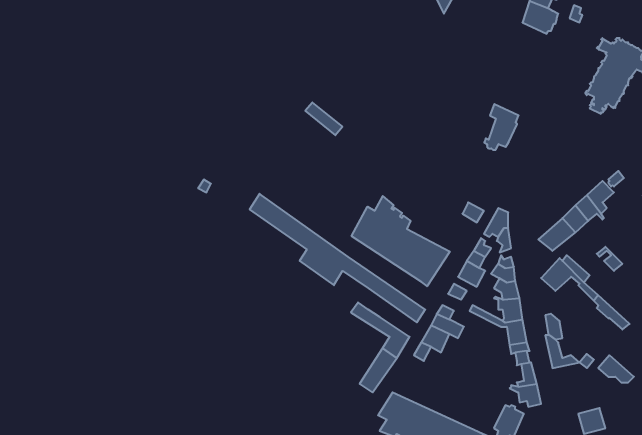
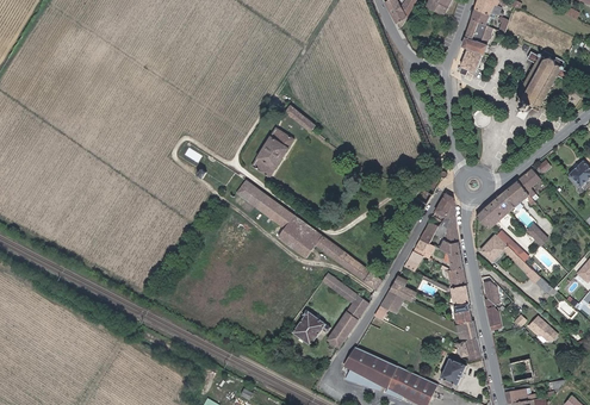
building: [484,104,519,150] -> [457,37,485,75]
building: none -> [250,127,293,177]
building: [352,196,450,286] -> none
building: none -> [294,307,331,344]

